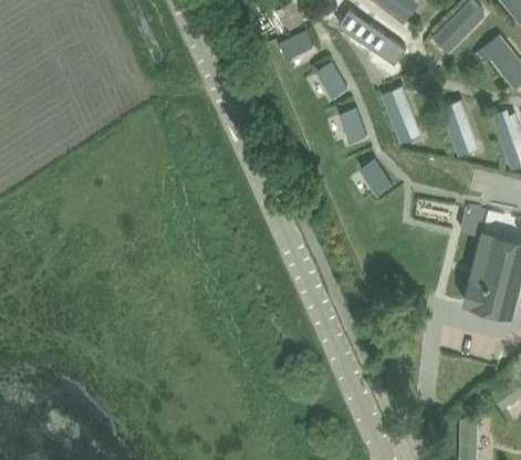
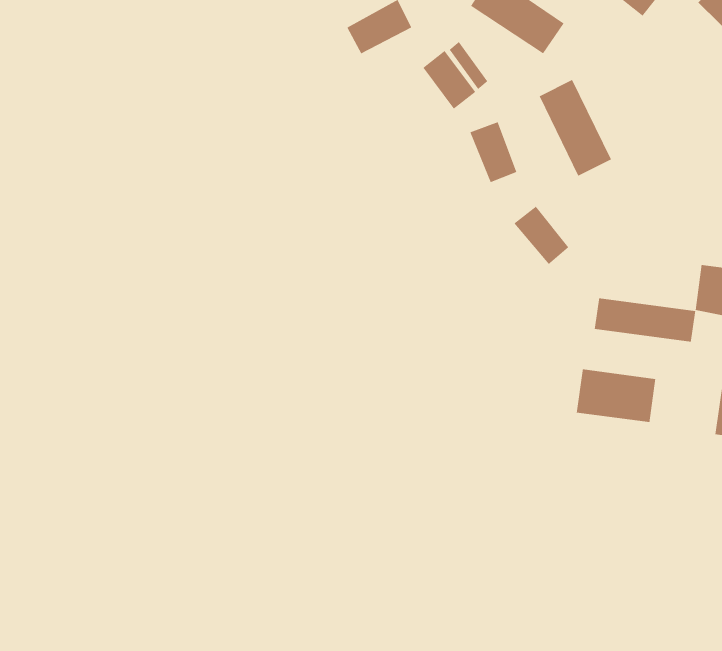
building: [440,101,479,158] -> none
building: none -> [594,298,696,342]
building: none -> [576,369,656,423]

